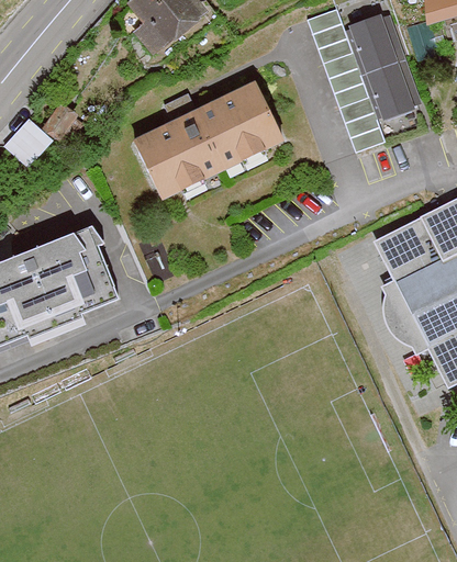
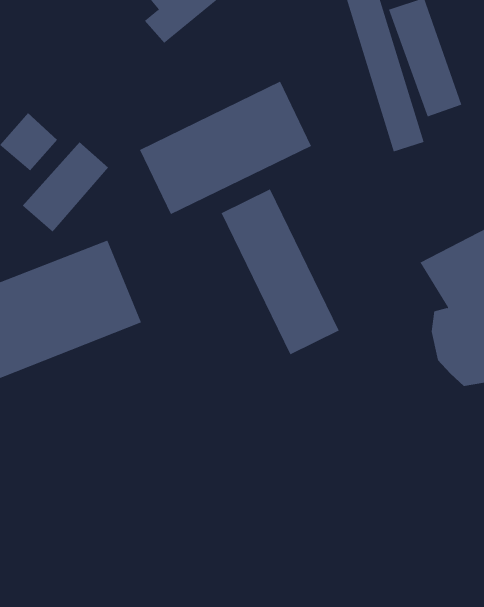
building: none -> [22,141,109,233]
building: none -> [221,189,339,355]

